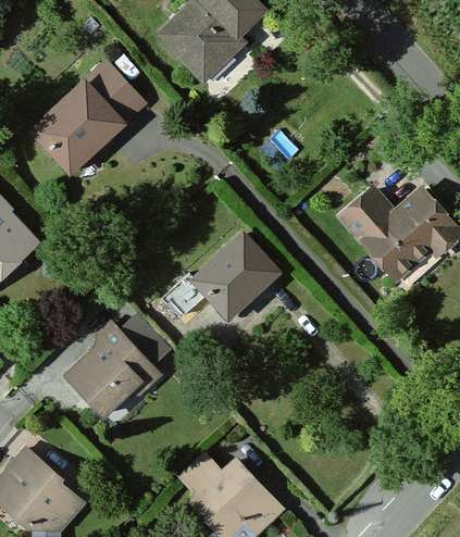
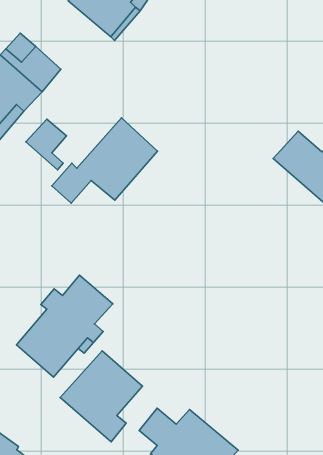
building: none -> [26,119,66,170]
building: [165,234,276,316] -> [52,118,158,203]
building: none -> [60,351,143,442]

